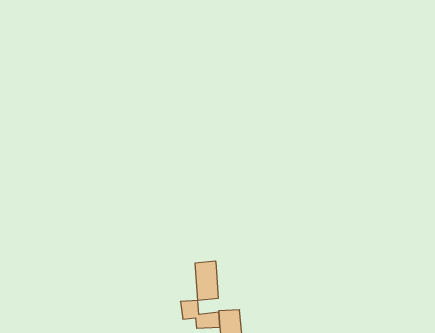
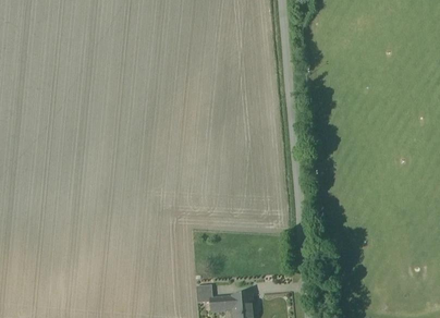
building: [195,261,218,300] -> none

